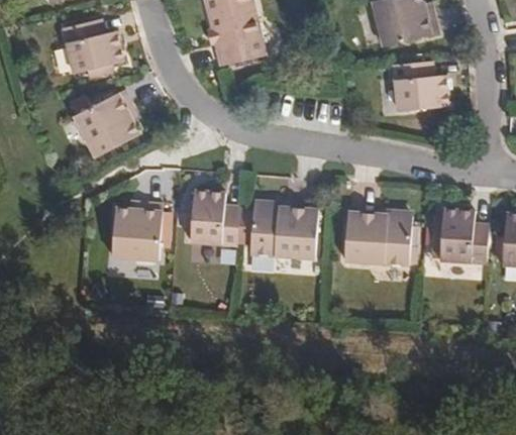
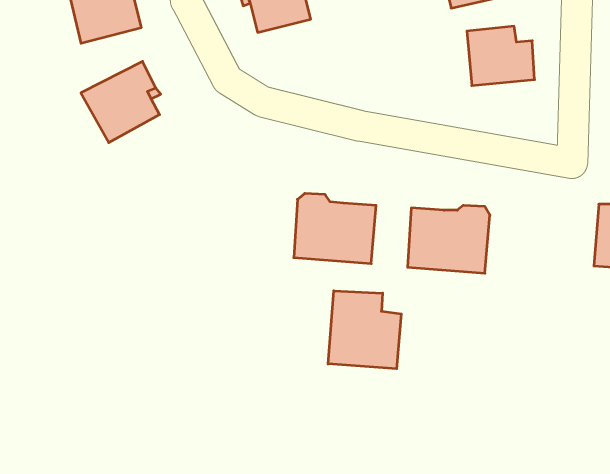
building: [189,190,239,243] -> none
building: [112,203,163,260] -> none
building: [437,205,489,259] -> none
building: none -> [328,291,401,369]

